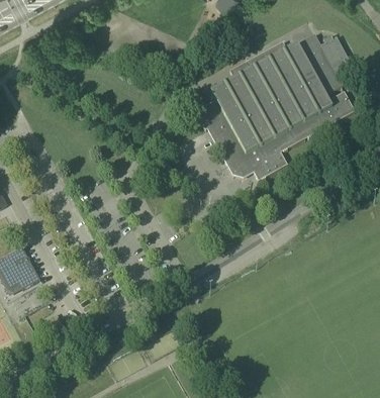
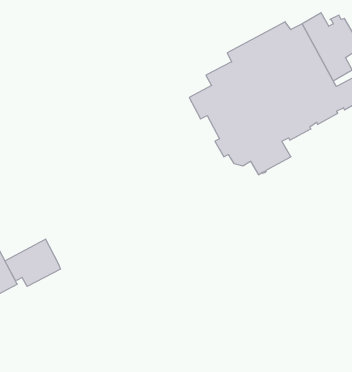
building: none -> [5,239,61,286]

